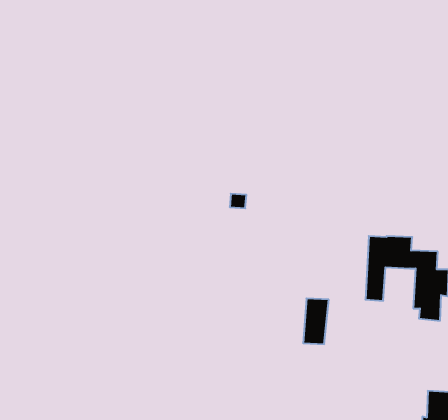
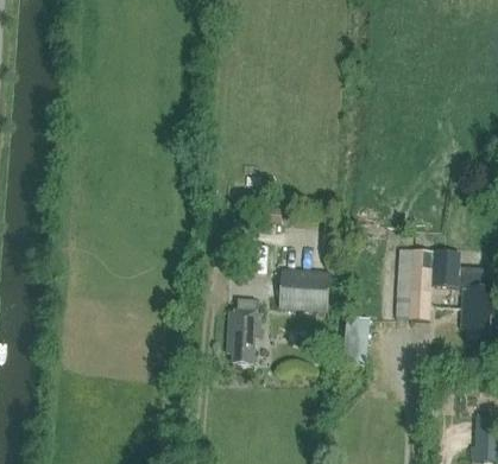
building: none -> [277,269,327,310]
building: none -> [225,298,259,363]

